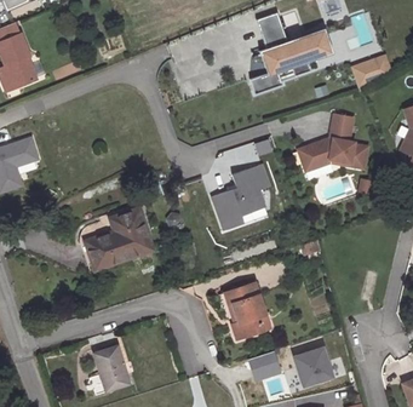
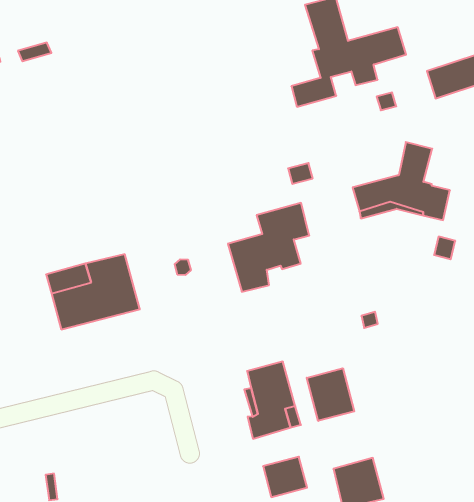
building: none -> [307,368,354,421]
building: [97,342,131,386] -> none

